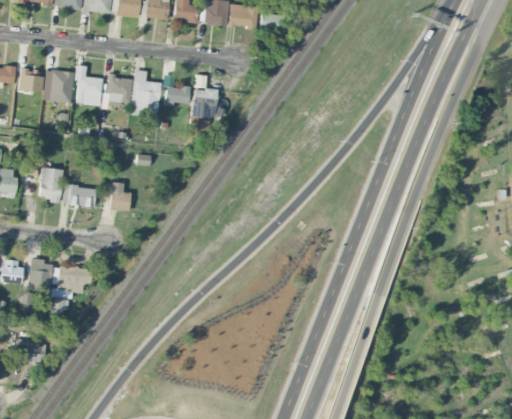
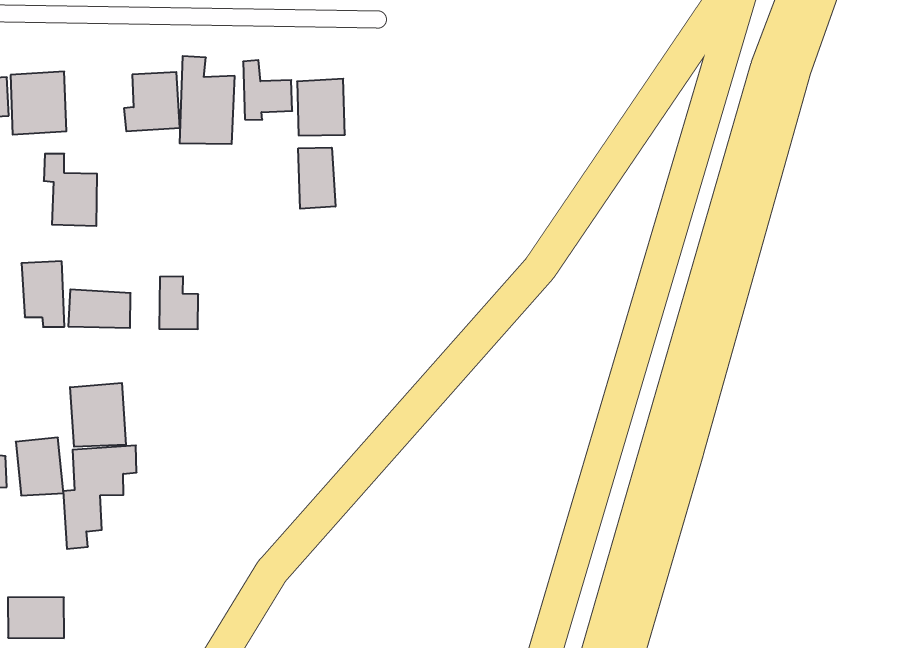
building: [74,65,102,105] -> [44,154,97,226]
building: none -> [298,148,335,209]
building: none -> [70,383,126,447]

